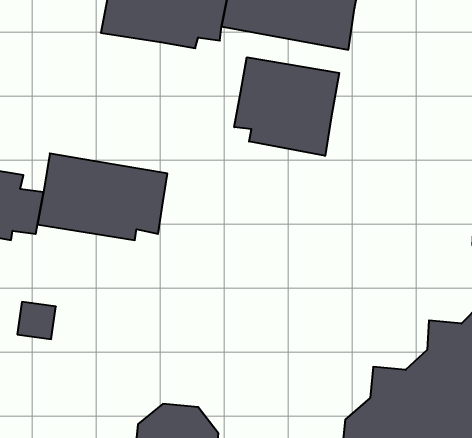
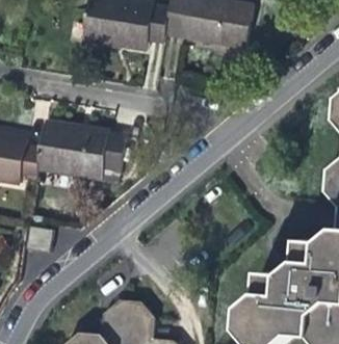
building: [234,57,339,156] -> none

